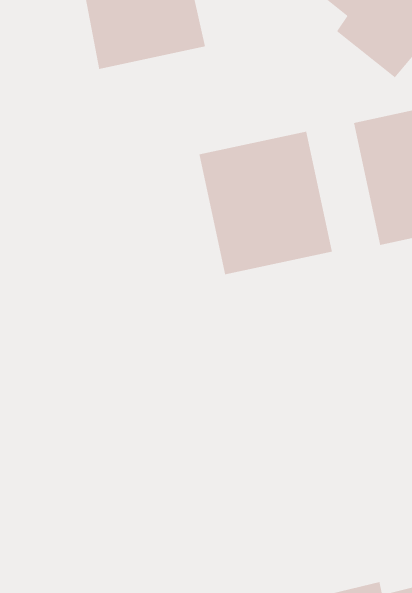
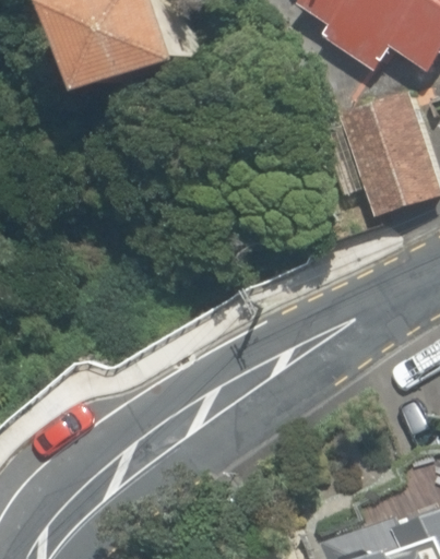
building: [199,131,332,275] -> none

